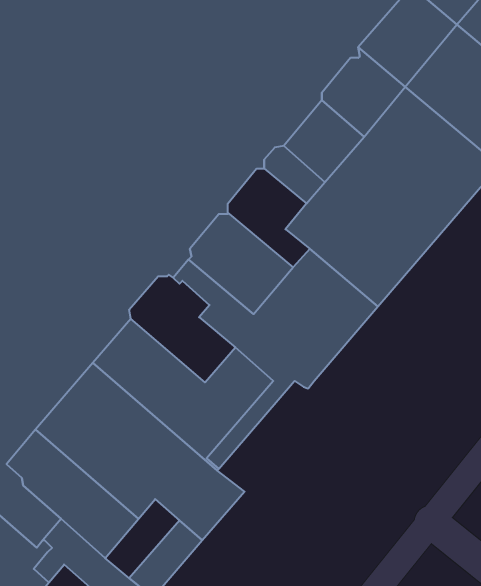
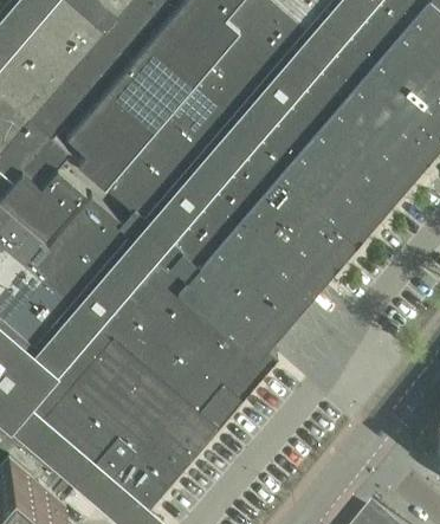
building: none -> [203,172,267,248]
building: none -> [127,254,209,338]
building: none -> [195,337,277,423]
building: none -> [108,429,166,491]

